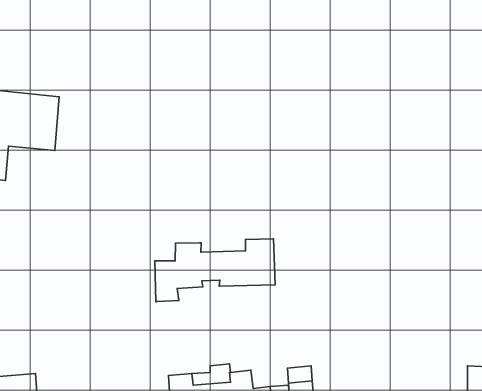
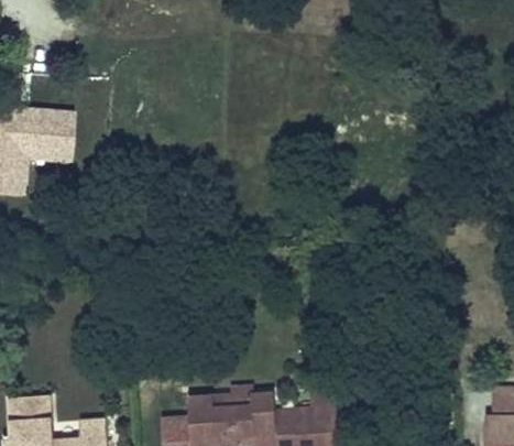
building: [155,239,275,302] -> none

